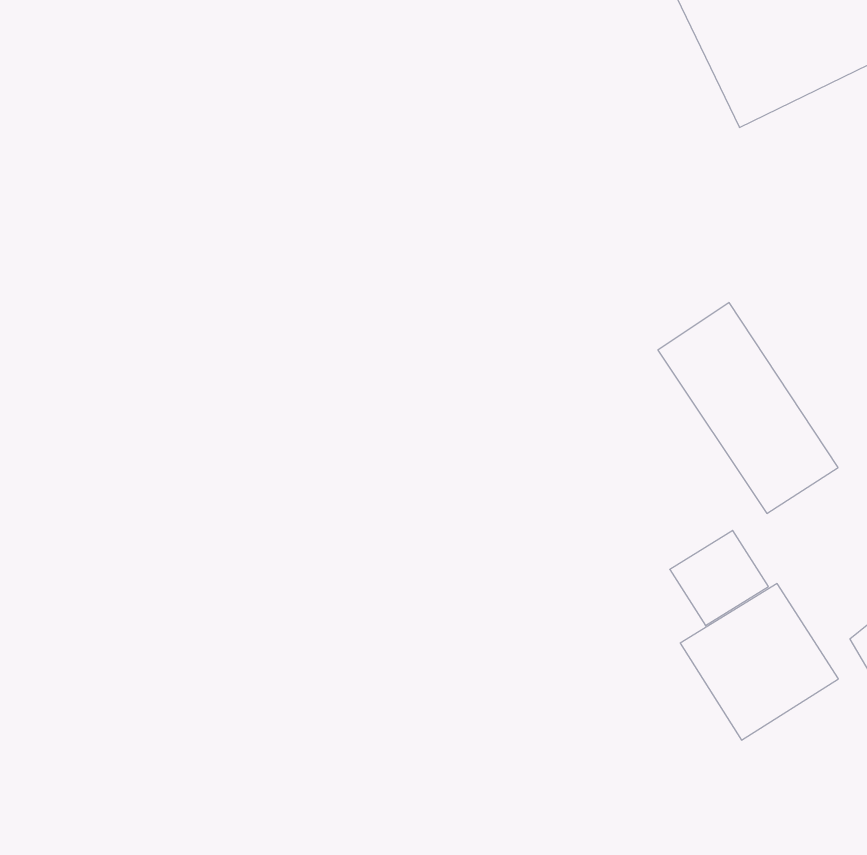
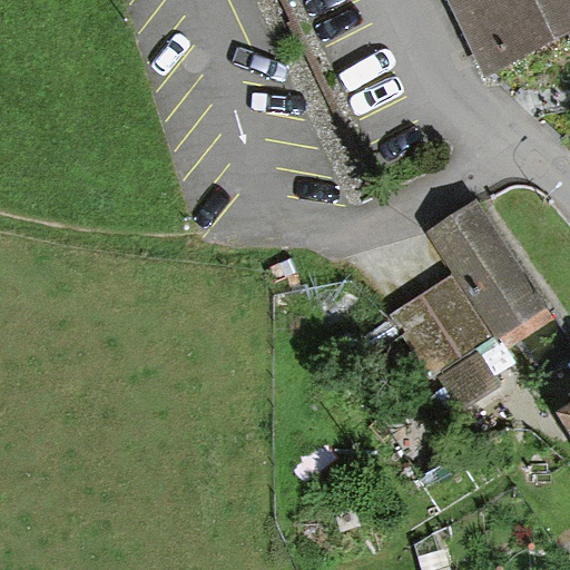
building: [680,584,838,740] -> [390,271,493,373]

